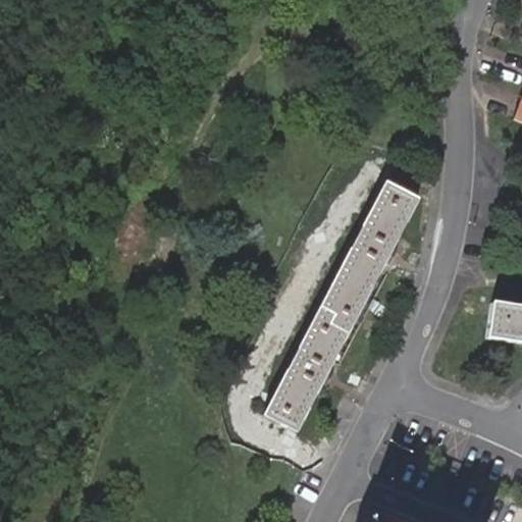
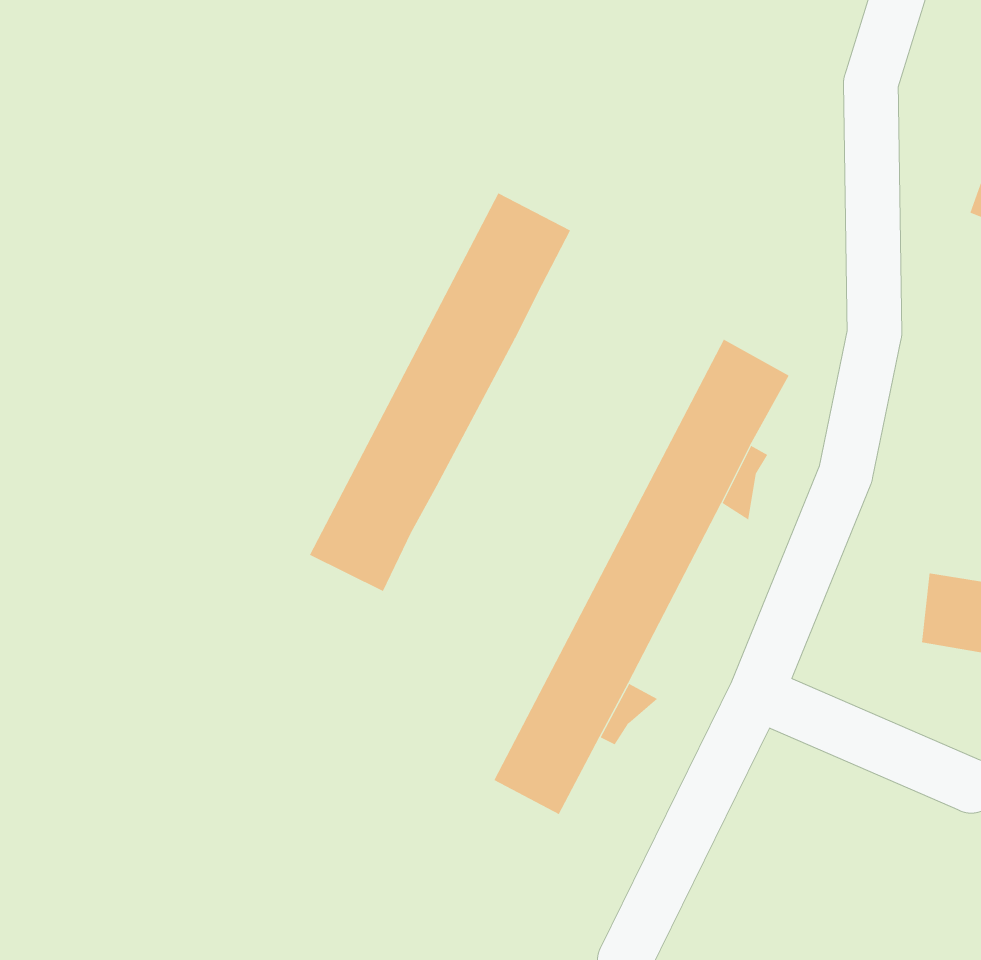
building: none -> [309,193,571,592]

